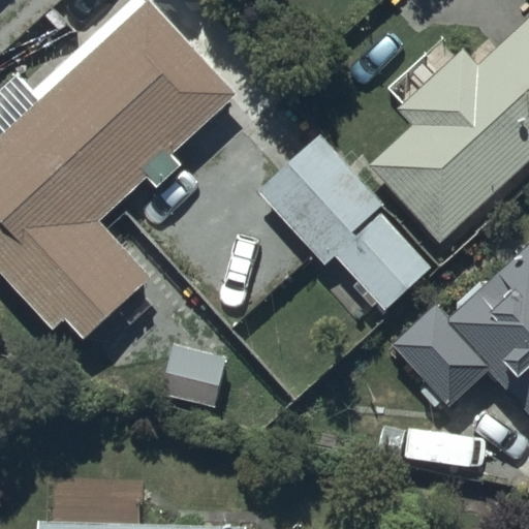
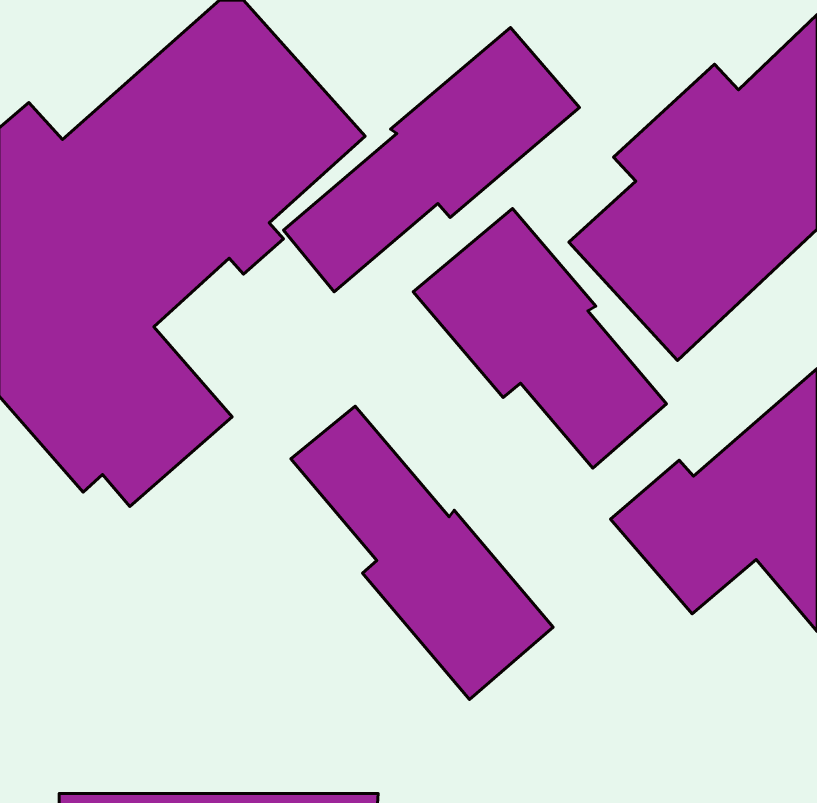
building: none -> [284,28,580,292]
building: none -> [291,406,553,699]

